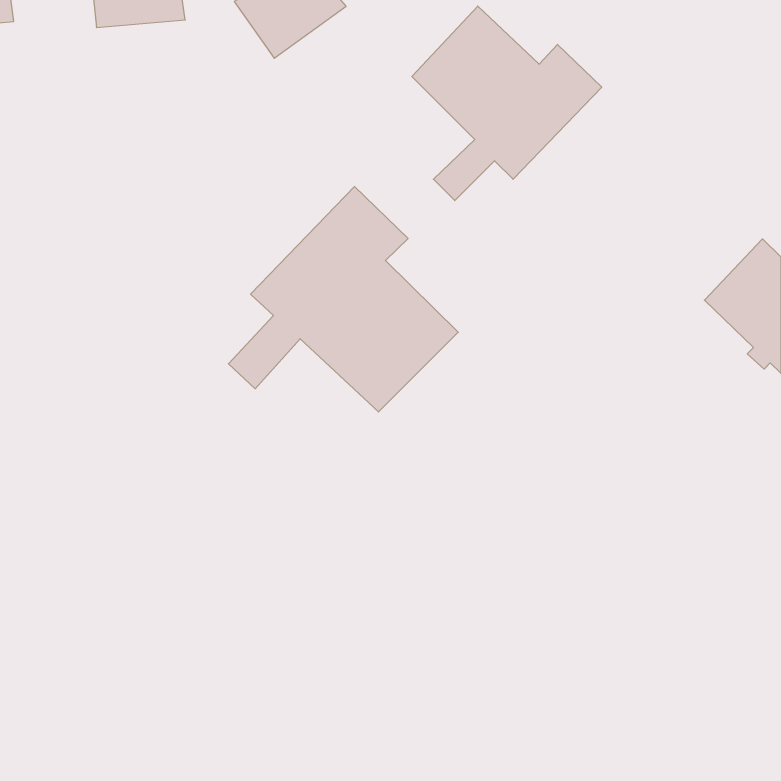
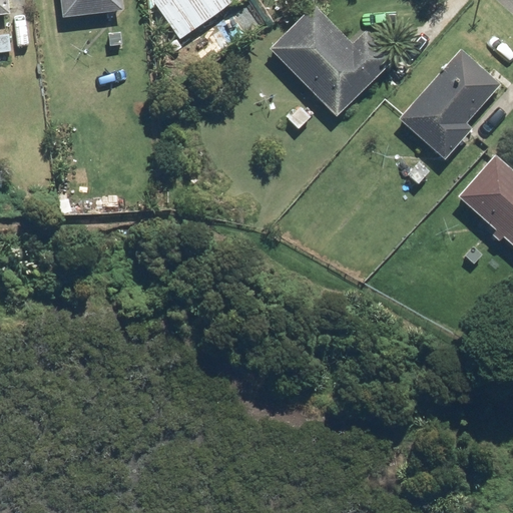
building: none -> [399,47,502,185]
building: [228,187,458,412] -> none

